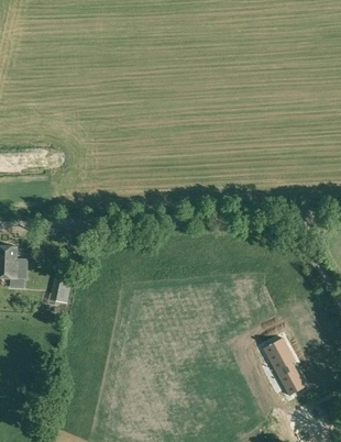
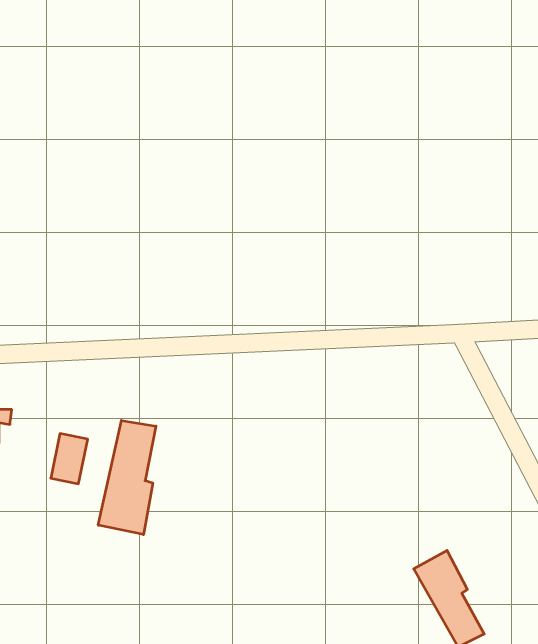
building: none -> [98,420,156,535]

